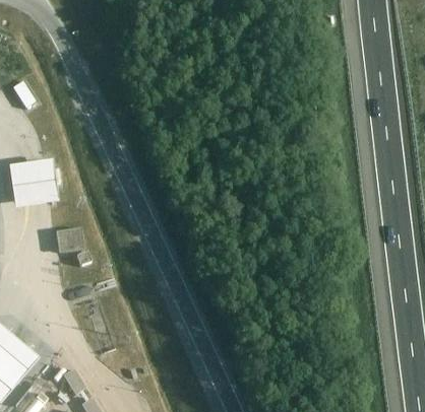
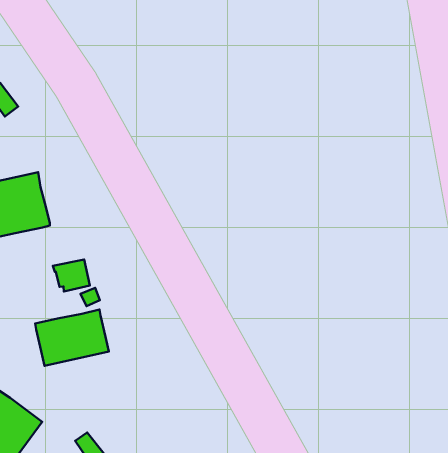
building: none -> [35,309,109,366]

